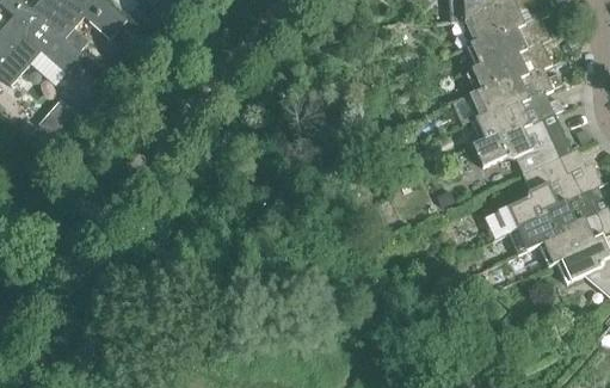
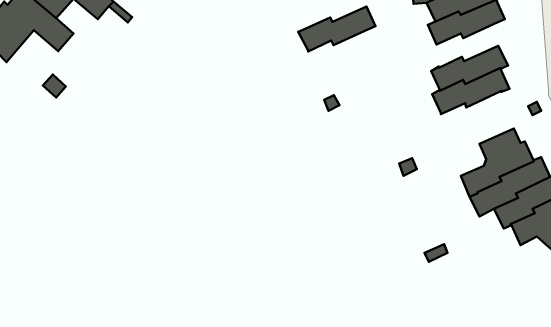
building: [468,43,552,92] -> [298,6,375,52]
building: [473,117,560,174] -> none

